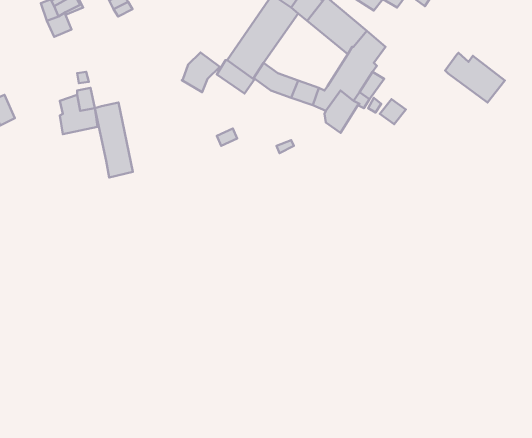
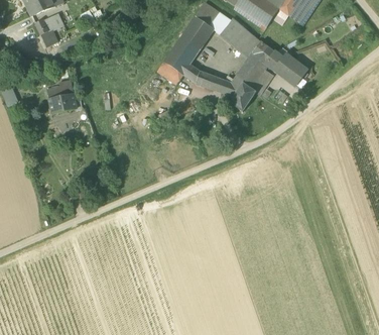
building: [182,52,220,92] -> none
building: [445,53,505,102] -> [266,51,307,86]
building: [95,103,133,177] -> none

